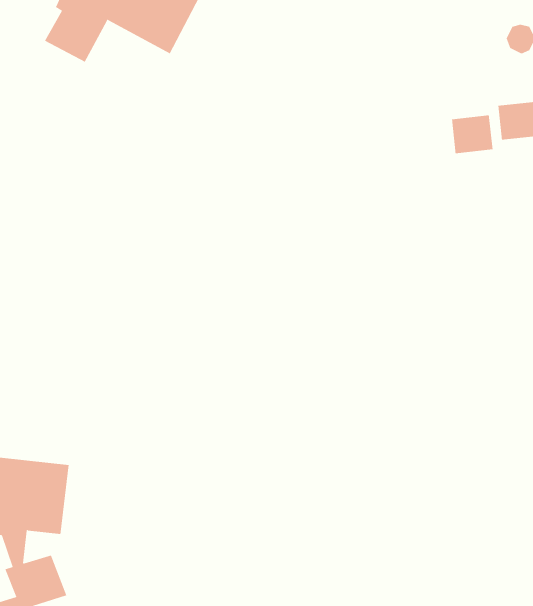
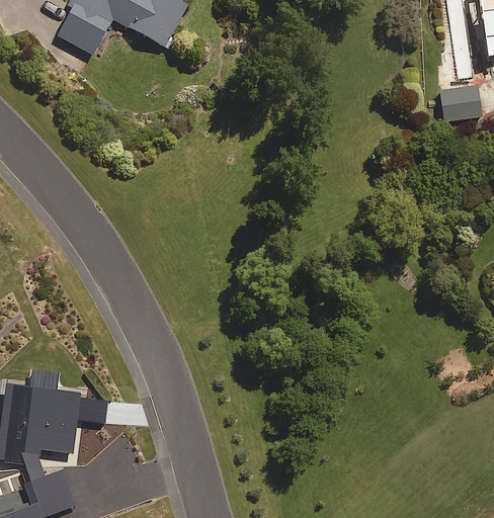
building: [451,115,493,154] -> none

